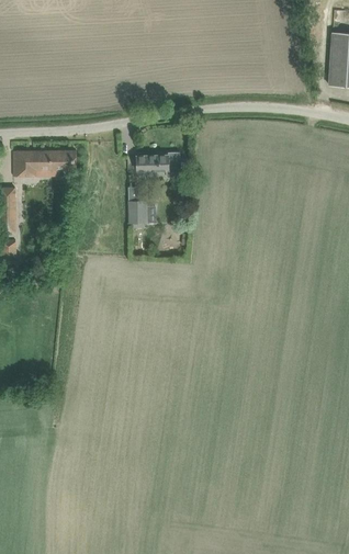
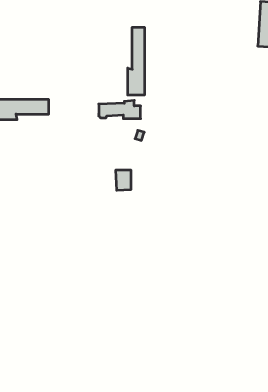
building: none -> [128,27,144,95]
building: [126,199,145,223] -> [116,170,131,190]

